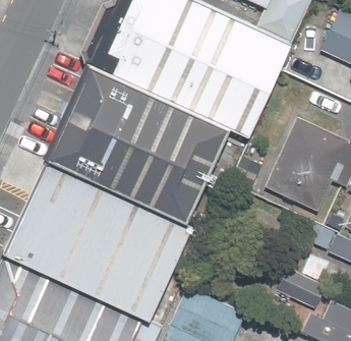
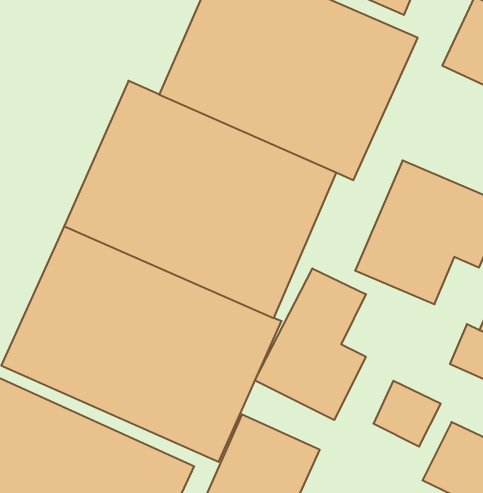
building: none -> [255,268,366,420]

